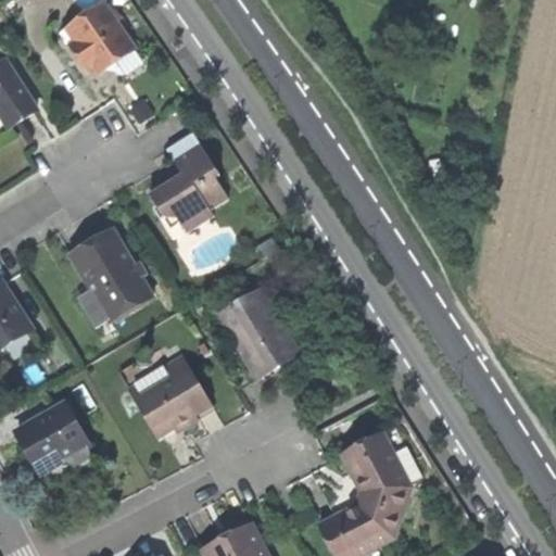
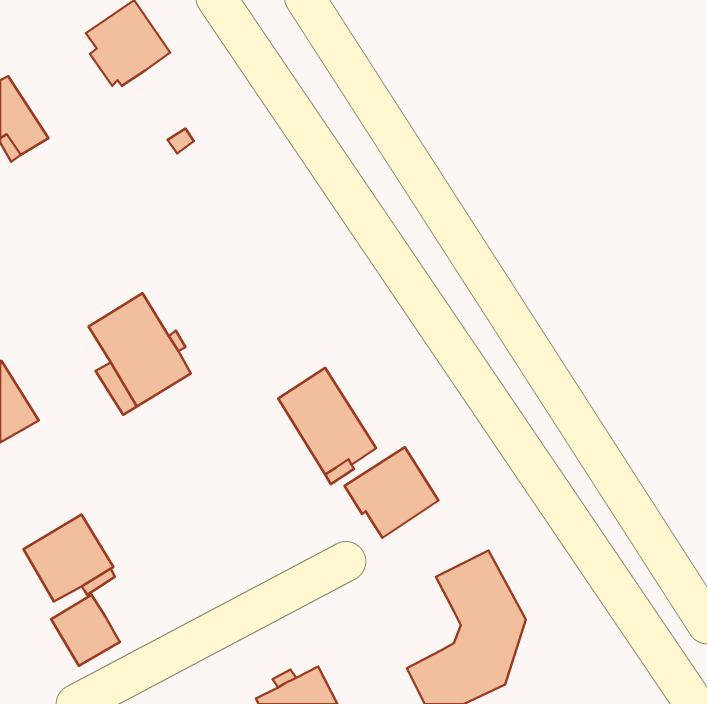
building: [149,131,227,230] -> none
building: none -> [344,447,438,538]
building: [135,354,212,434] -> none
building: none -> [51,595,120,666]

